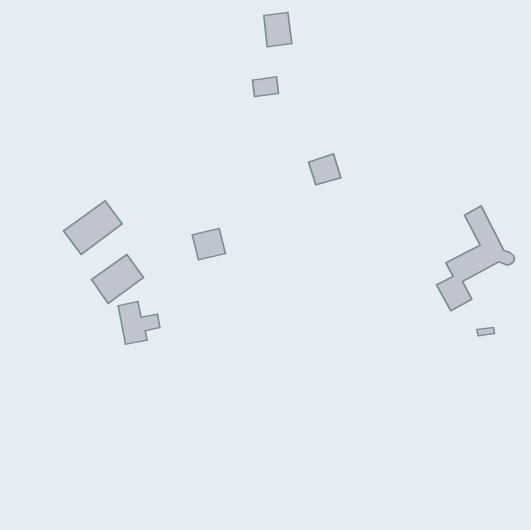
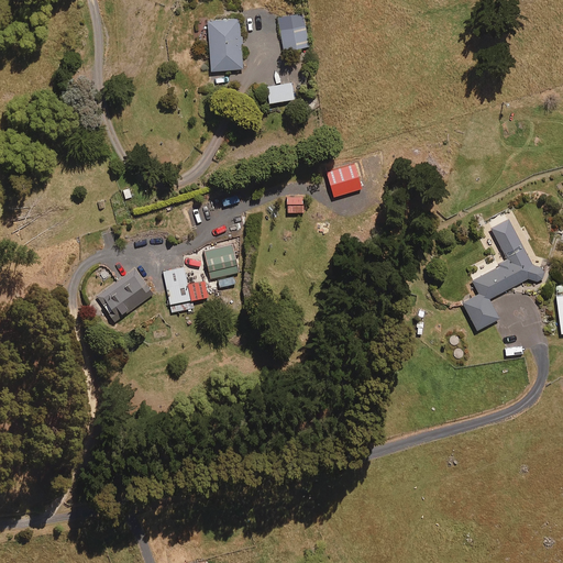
building: none -> [208,18,244,70]
building: [63,201,122,254] -> none
building: [118,302,160,344] -> [163,267,207,312]

